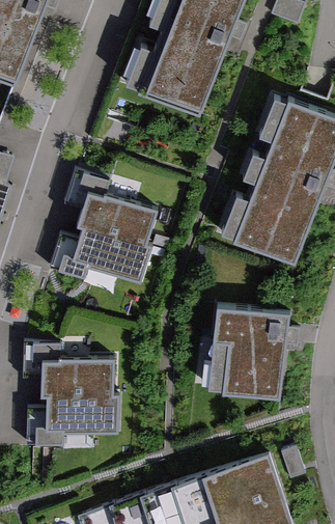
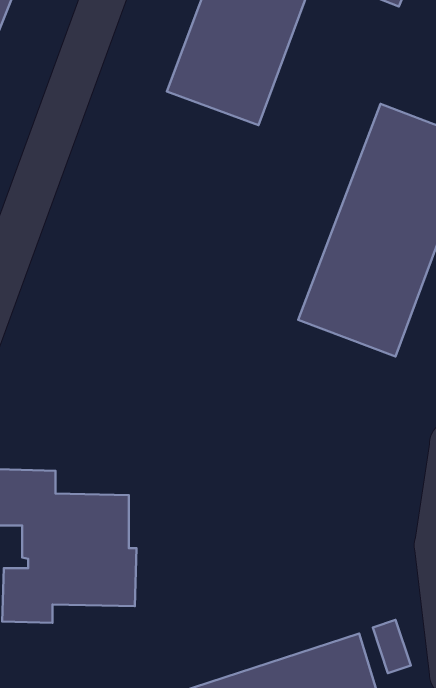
building: [48,167,158,284] -> none
building: [210,305,290,403] -> none

